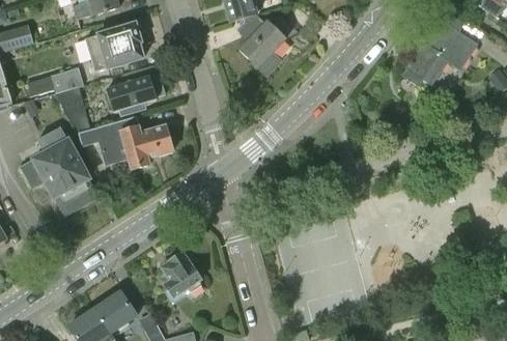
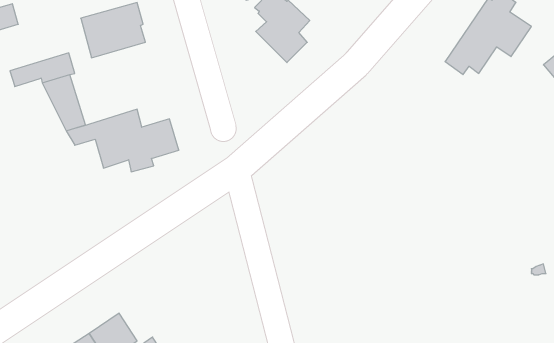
building: [108,75,165,111] -> none
building: [22,129,97,215] -> none
building: [161,251,200,297] -> none

